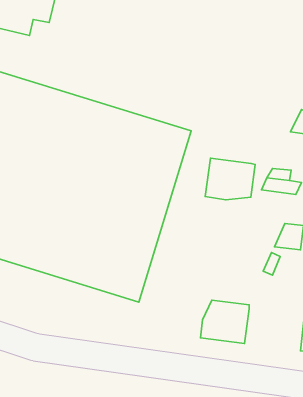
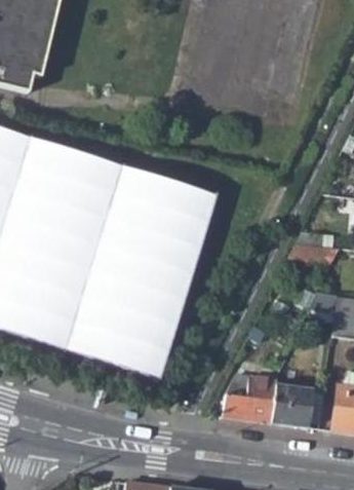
building: [205,158,255,200] -> none
building: none -> [271,385,314,428]

